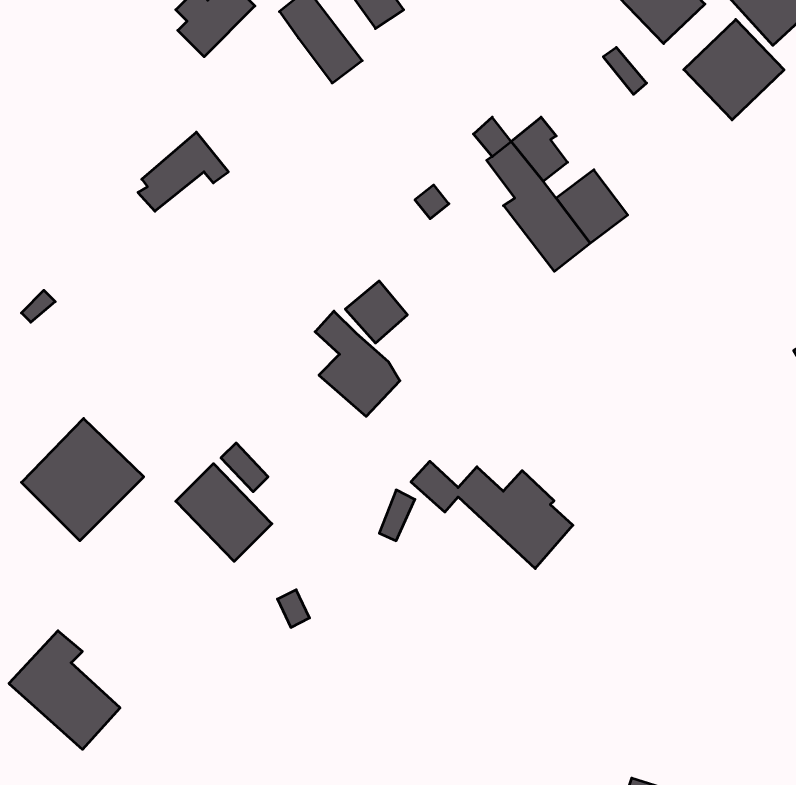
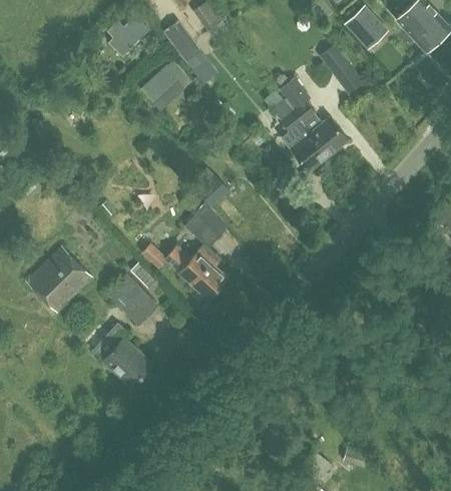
building: [684,19,784,120] -> none
building: [138,132,228,211] -> [143,62,191,104]
building: [411,461,573,569] -> [141,242,228,300]
building: [9,631,120,749] -> [92,323,151,386]

